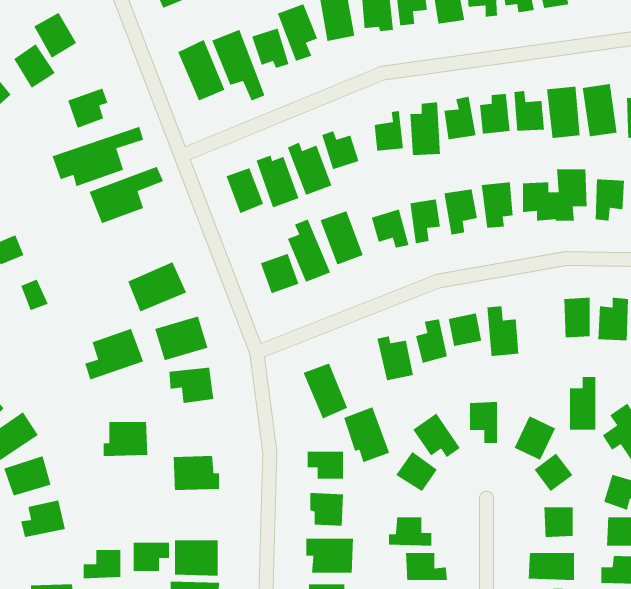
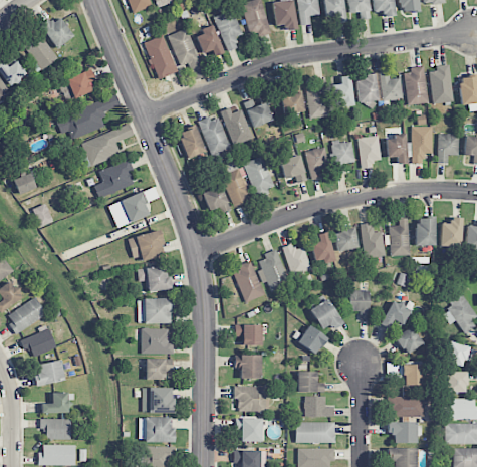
building: [84,328,144,380] -> [94,161,137,198]
building: [569,376,596,430] -> [390,218,409,256]
building: [343,406,390,463] -> [256,251,289,291]
building: [103,421,148,457] -> [140,298,172,323]
building: [133,542,170,572] -> [146,359,172,380]
building: [83,549,121,579] -> [42,393,69,414]

